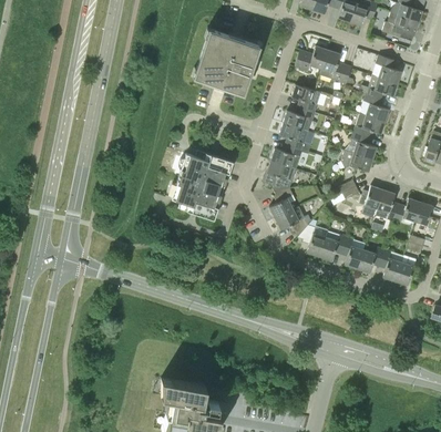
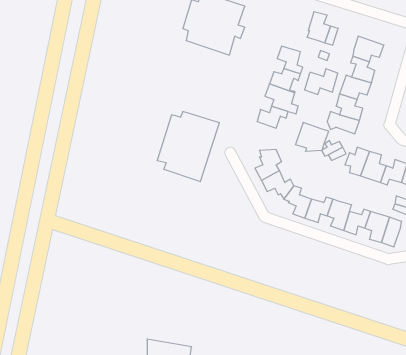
building: [294,45,327,71] -> [305,69,338,94]
building: [371,54,401,83] -> none
building: [263,160,296,188] -> [295,122,329,151]

